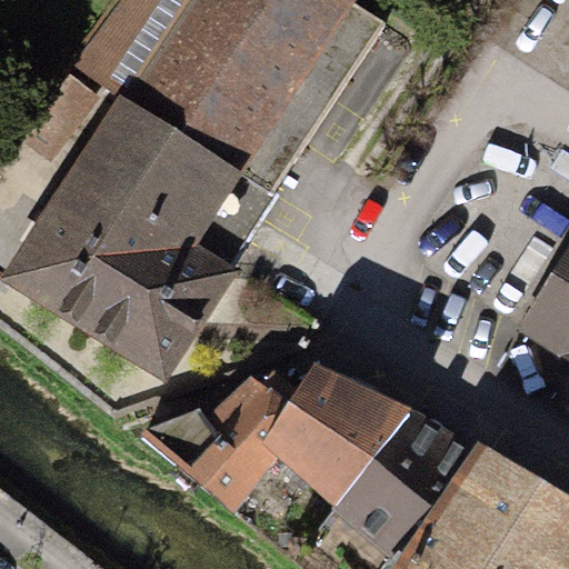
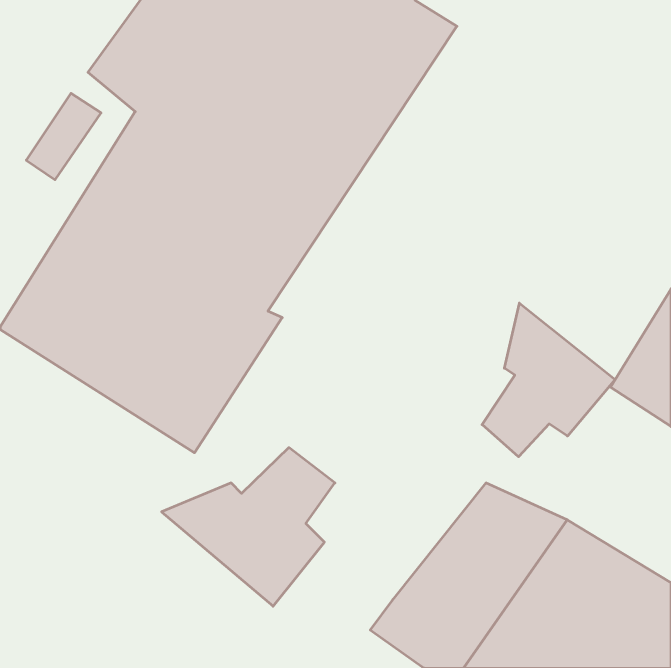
building: none -> [482,303,615,457]
building: [259,362,411,508] -> none

